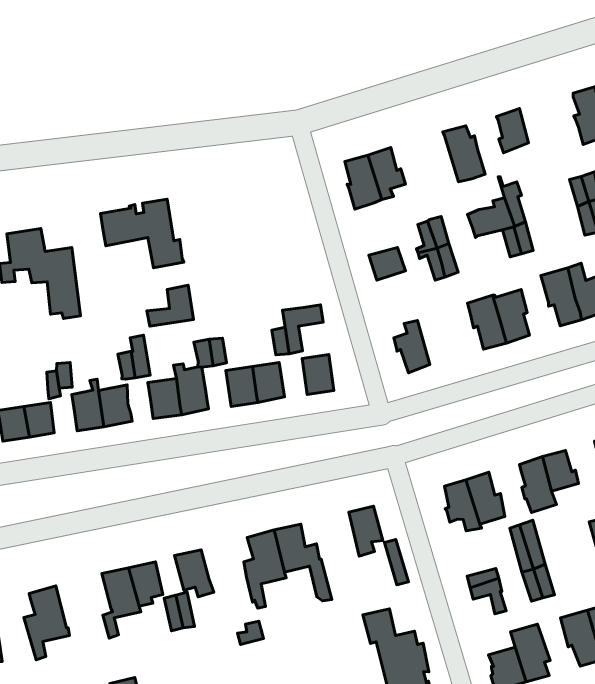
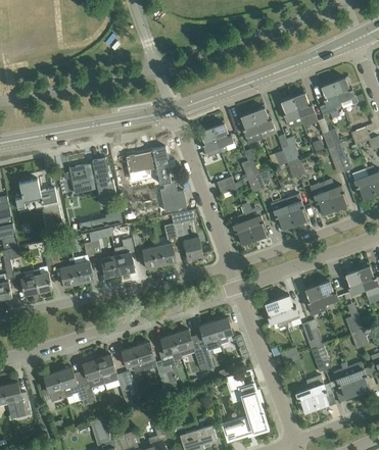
building: none -> [293,93,319,128]
building: none -> [241,112,263,145]
building: none -> [127,147,187,211]
building: none -> [242,204,266,239]
building: none -> [199,321,223,369]
building: none -> [136,342,165,374]
building: none -> [58,367,89,404]

